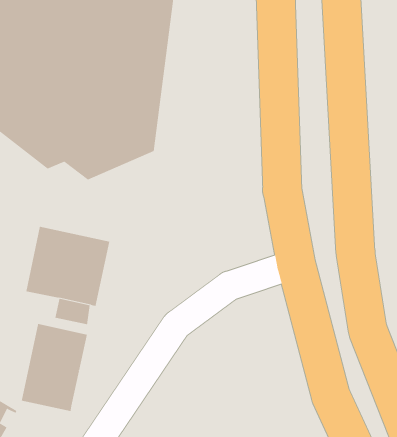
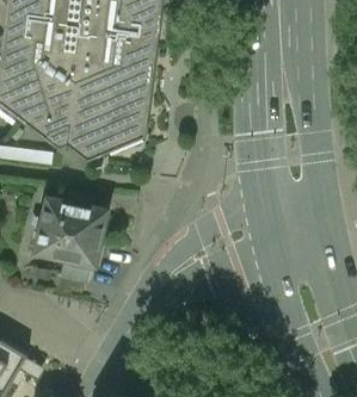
building: [21,323,87,412] -> none

